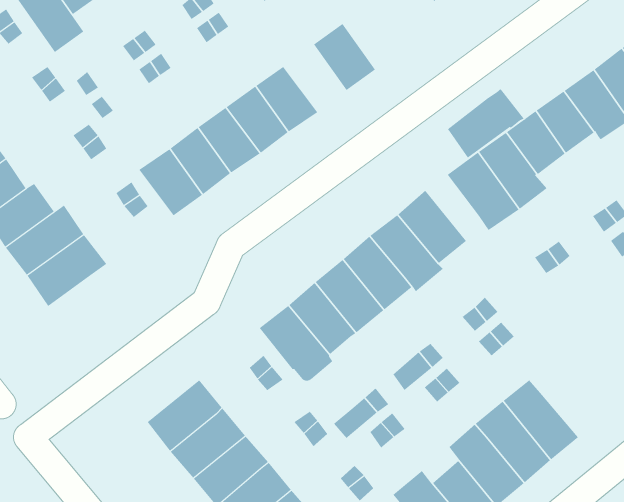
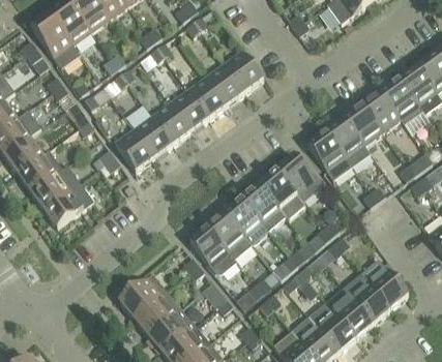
building: none -> [205,63,244,105]
building: [447,88,525,158] -> none
building: none -> [366,266,408,309]

